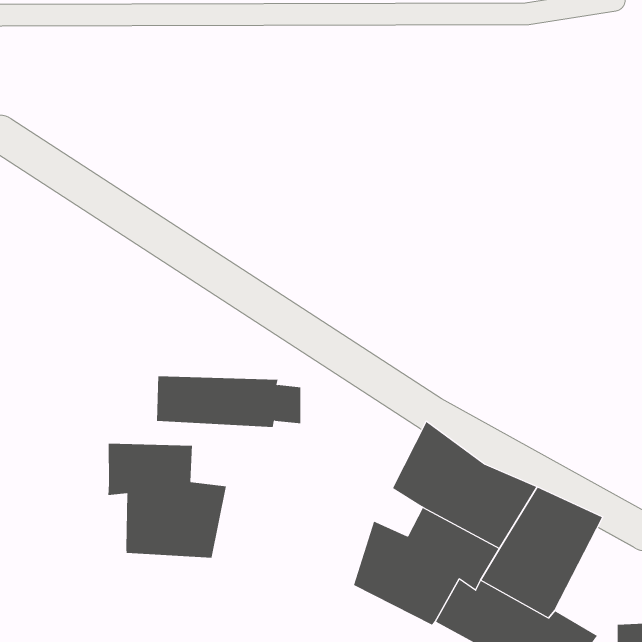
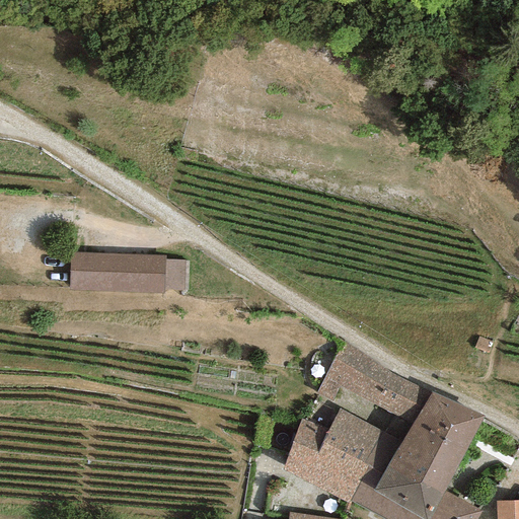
building: [156,376,301,427] -> [70,251,187,293]
building: [108,443,227,559] -> none

